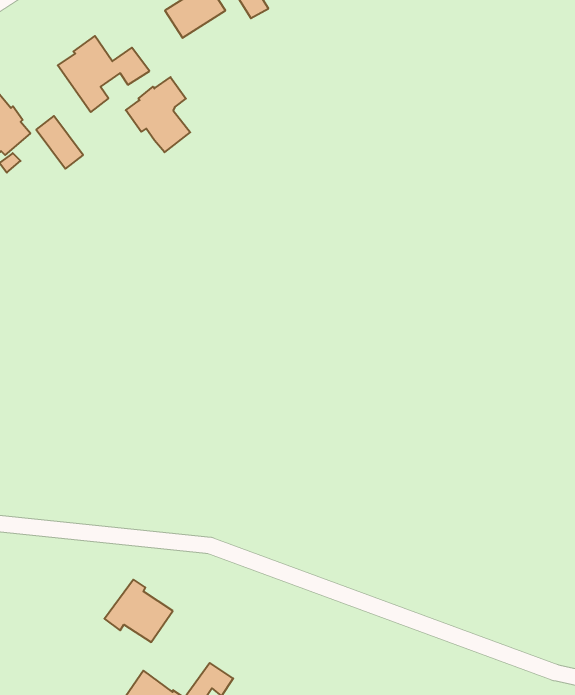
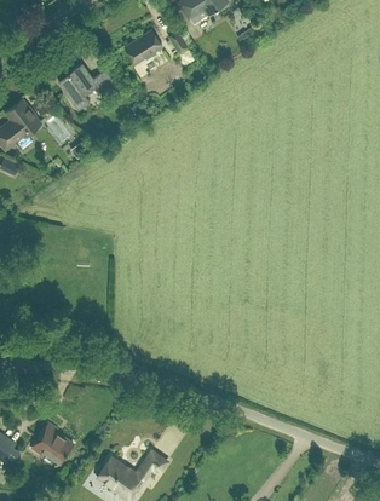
building: [126,77,190,152] -> none
building: [104,580,173,642] -> [30,422,73,461]

